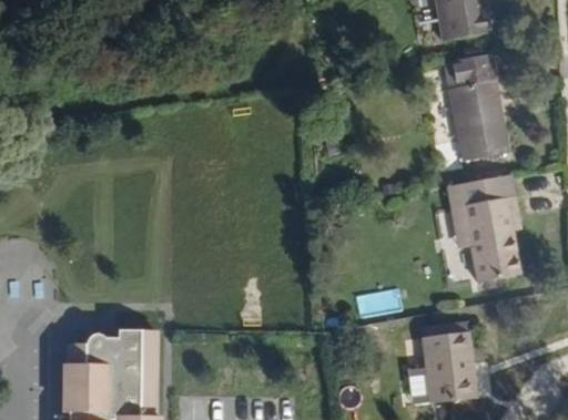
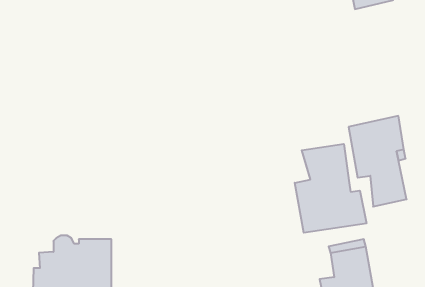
building: [442,57,507,162] -> none
building: none -> [295,144,366,233]

